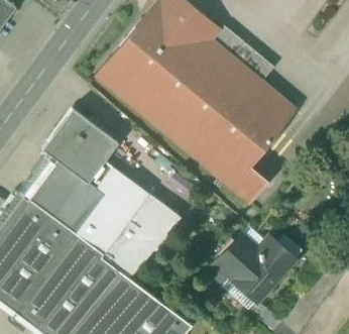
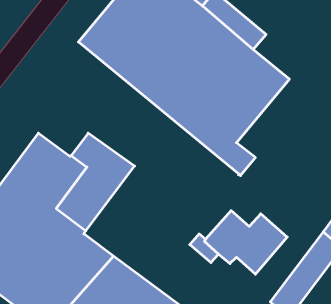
building: [40,109,116,184] -> none
building: [99,193,180,279] -> none

